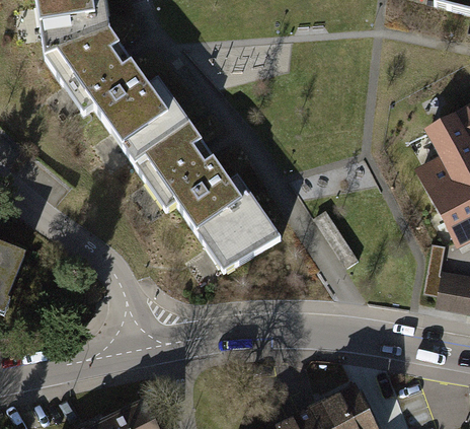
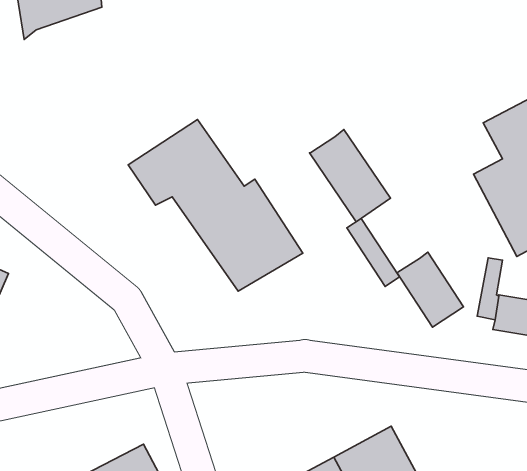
building: [52,29,188,163] -> none
building: none -> [309,129,391,222]
building: none -> [397,252,464,327]

